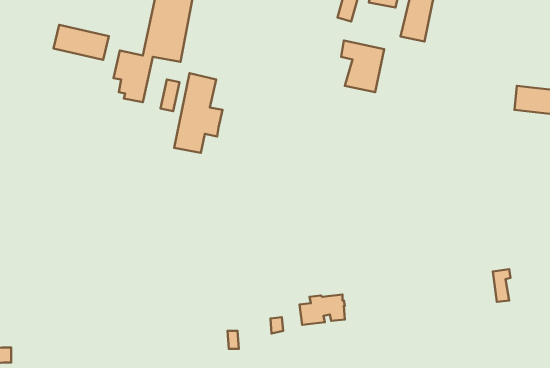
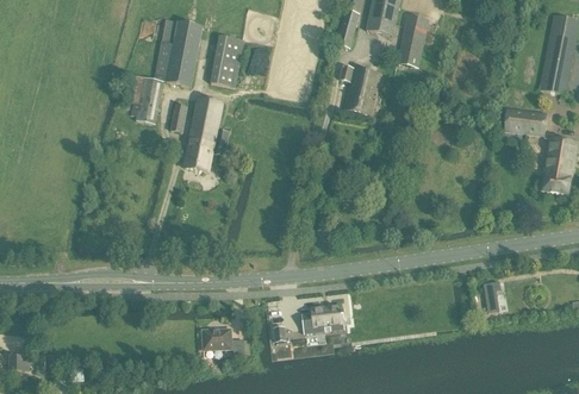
building: none -> [210,36,242,87]
building: [53,25,109,60] -> none
building: none -> [203,329,231,349]

